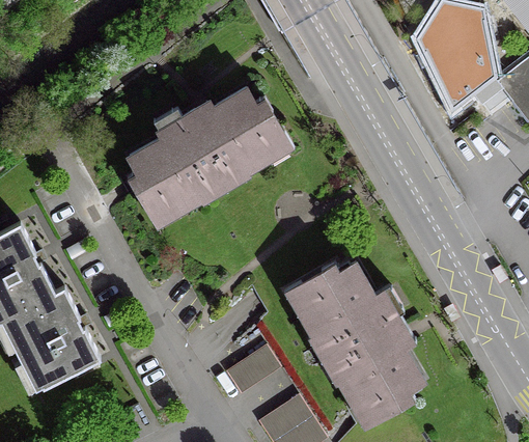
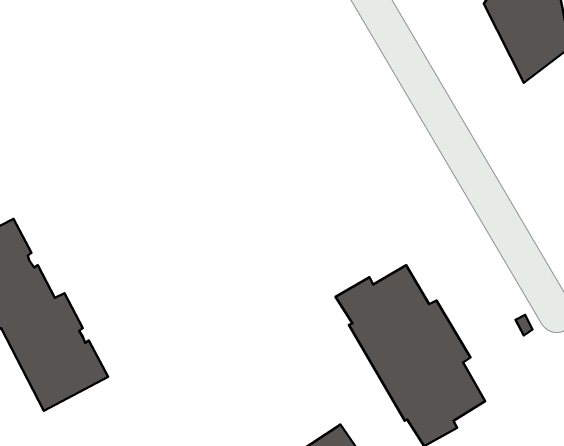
building: [128,89,282,217] -> none
building: [227,349,280,394] -> none

